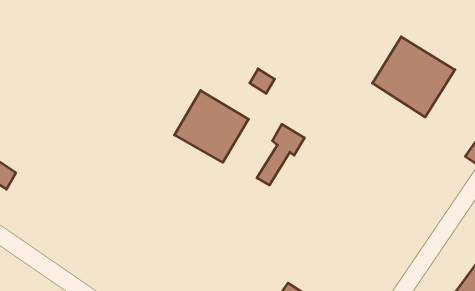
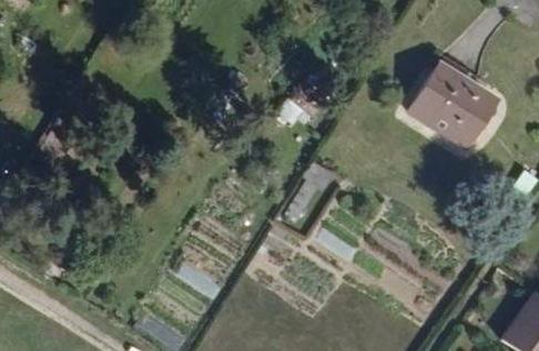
building: [174,90,249,162] -> none

